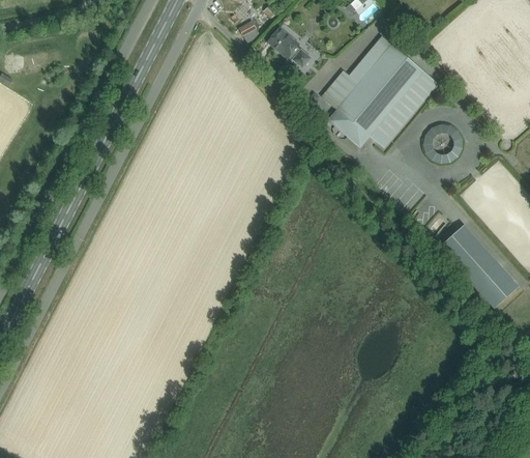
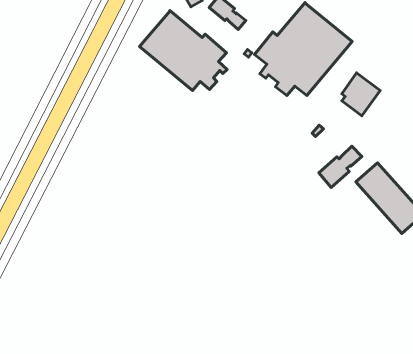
building: none -> [140,11,227,90]
building: none -> [319,146,362,187]

